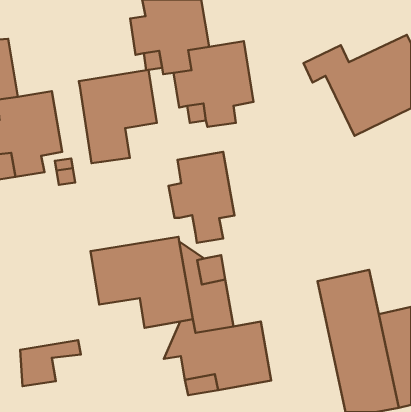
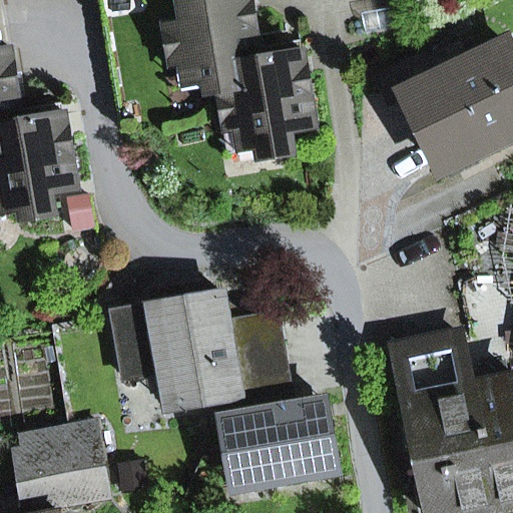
building: [79,70,157,163] -> none
building: [168,152,234,243] -> none
building: none -> [28,440,107,507]

